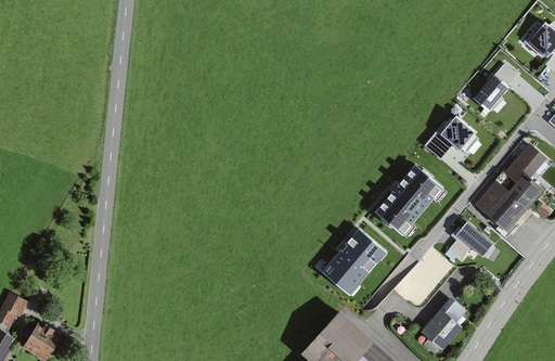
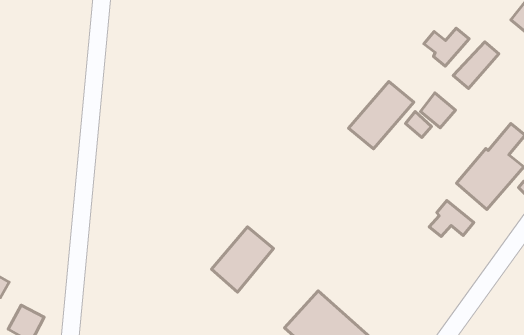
building: none -> [424,28,469,66]
building: [374,166,439,233] -> [349,81,414,149]
building: [322,230,384,295] -> [211,227,274,292]
building: [423,299,463,351] -> none

